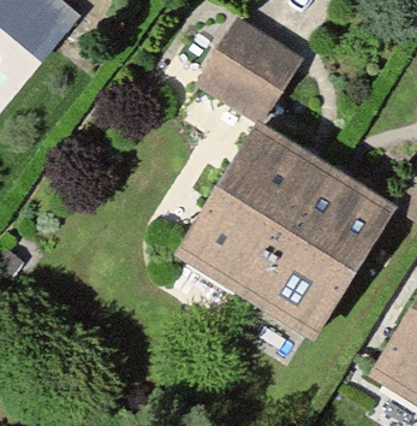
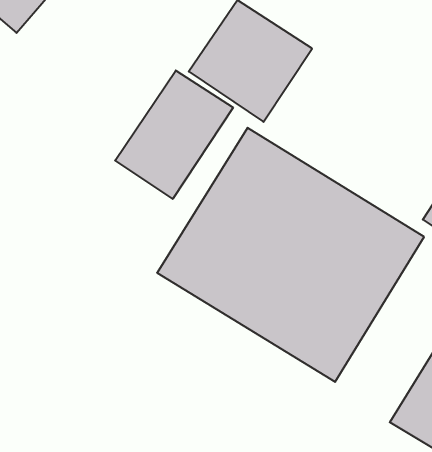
building: none -> [115,70,233,199]

